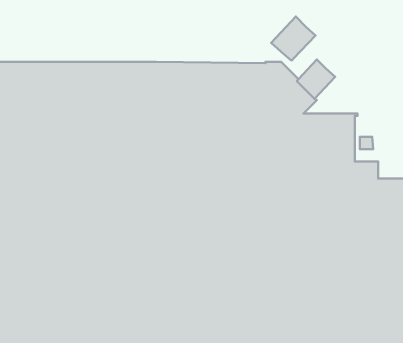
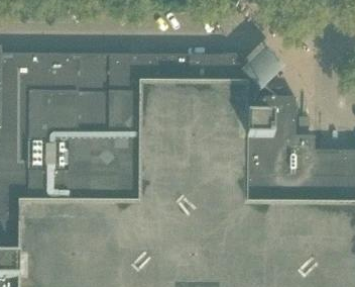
building: [271,17,316,60] -> none

